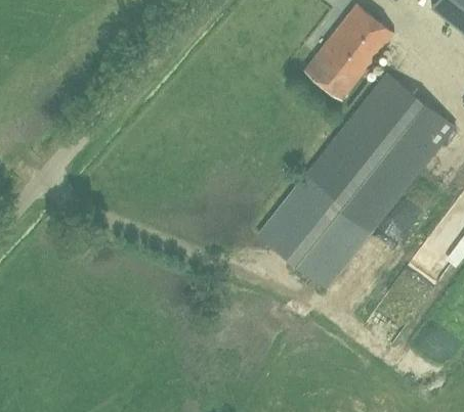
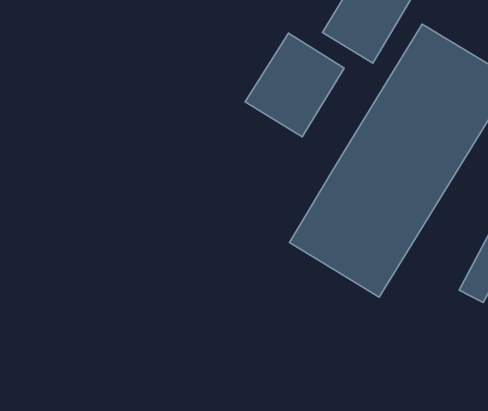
building: none -> [245,33,344,137]

